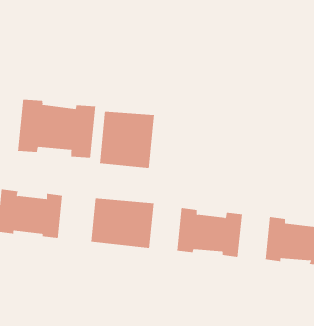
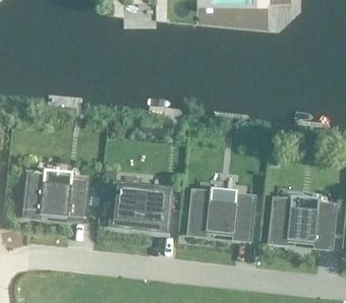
building: [18,99,96,159] -> none
building: [100,111,155,169] -> none

